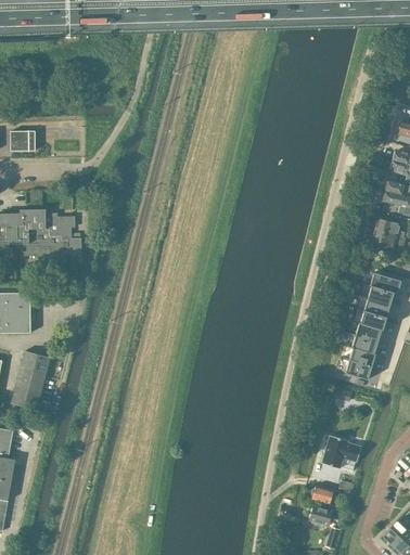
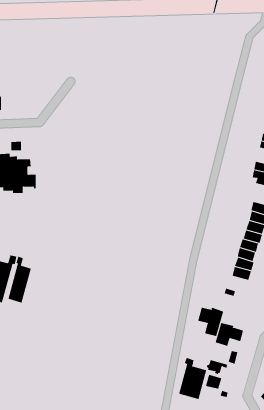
building: none -> [8,256,31,303]
building: none -> [197,307,224,337]
building: none -> [179,357,207,400]

